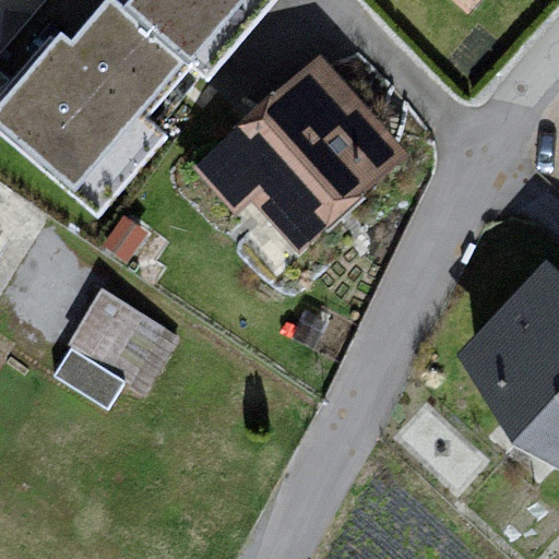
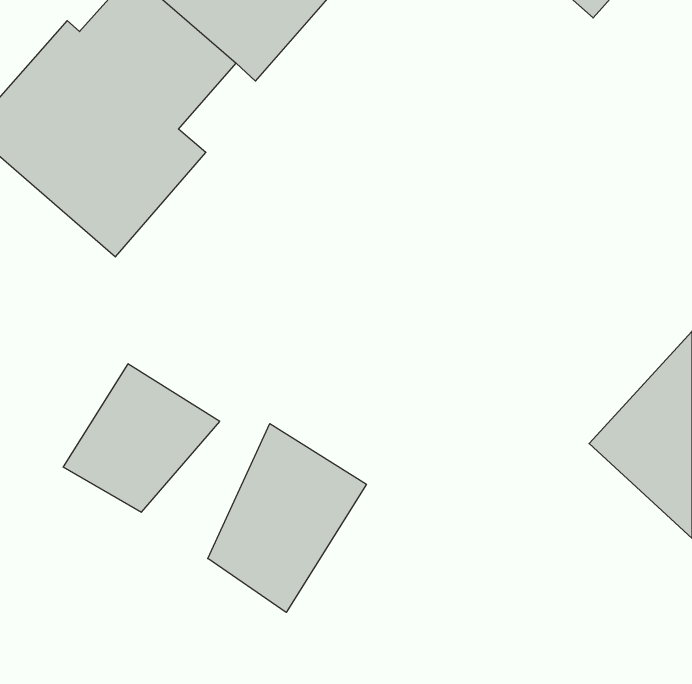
building: [192,55,407,243] -> none
building: none -> [208,424,366,612]

